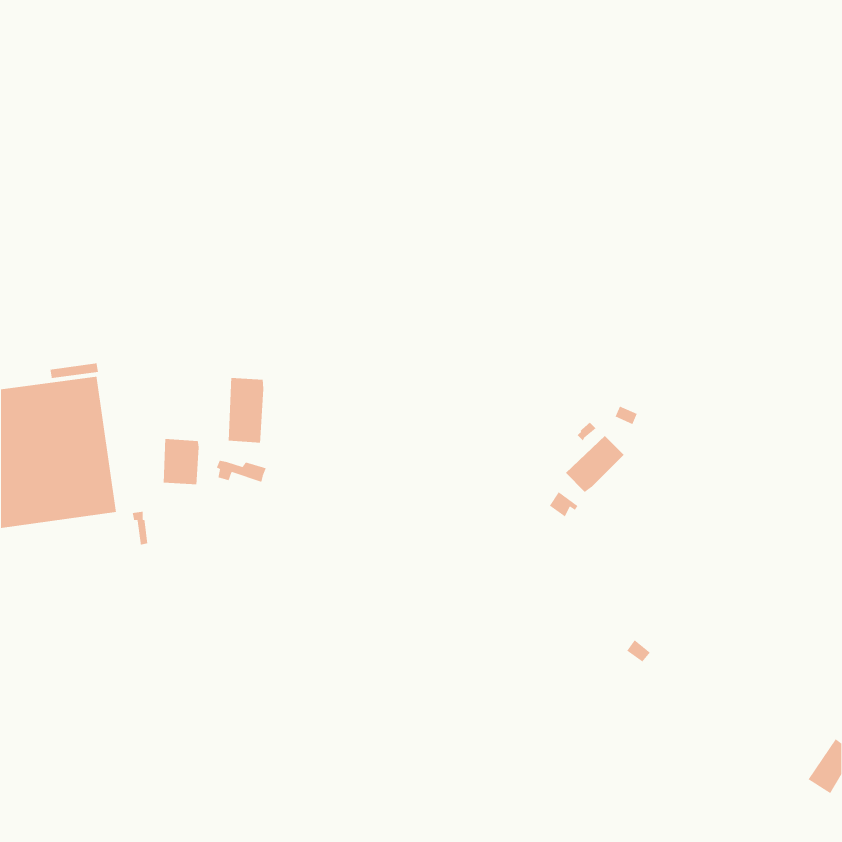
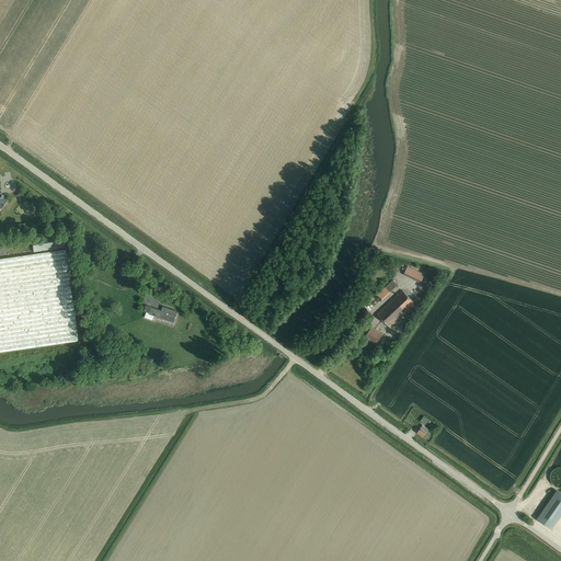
building: [228,377,264,443] -> none
building: [163,438,200,485] -> none

